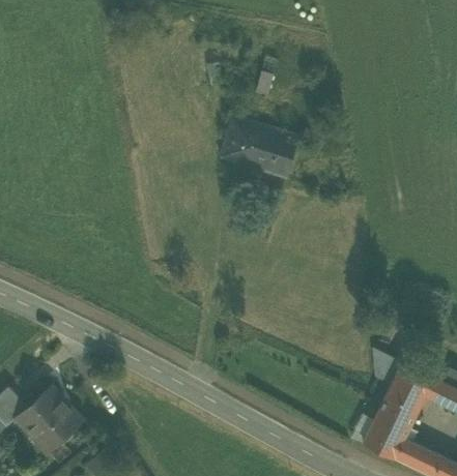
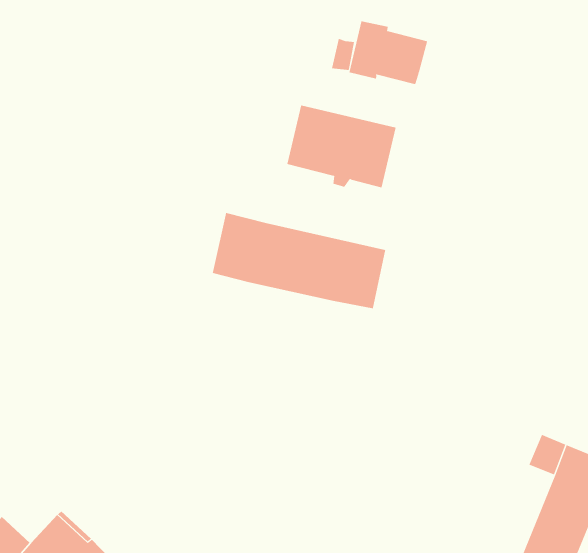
building: none -> [349,20,428,85]
building: none -> [212,212,386,309]

